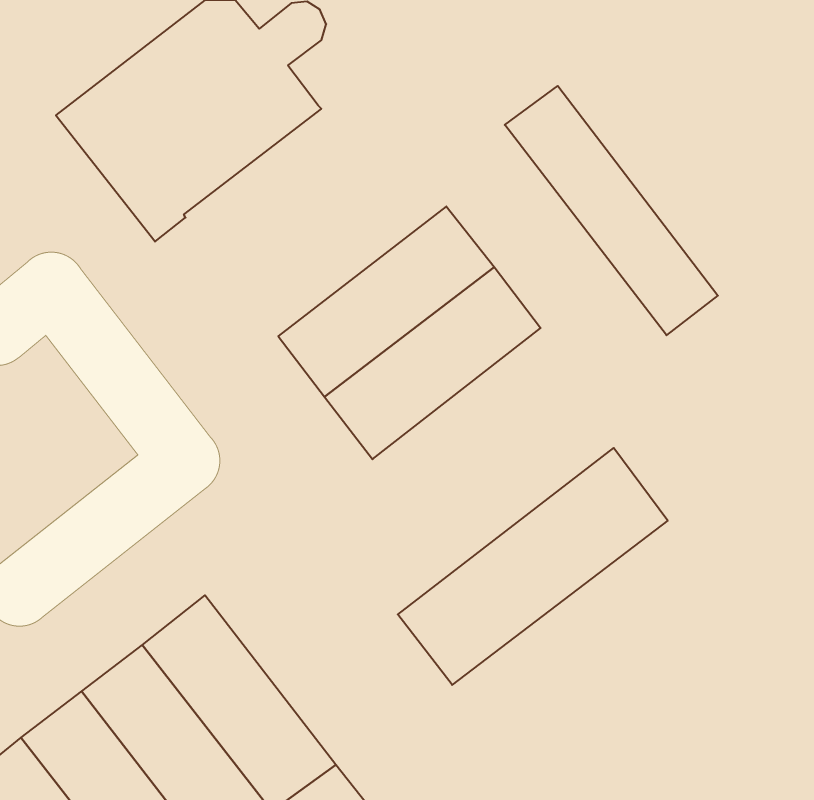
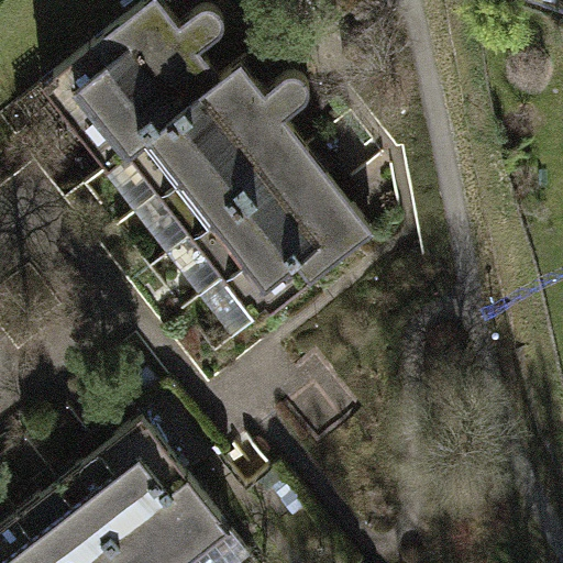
building: none -> [126,68,310,243]
building: [505,86,718,335] -> none
building: [398,448,668,685] -> none

